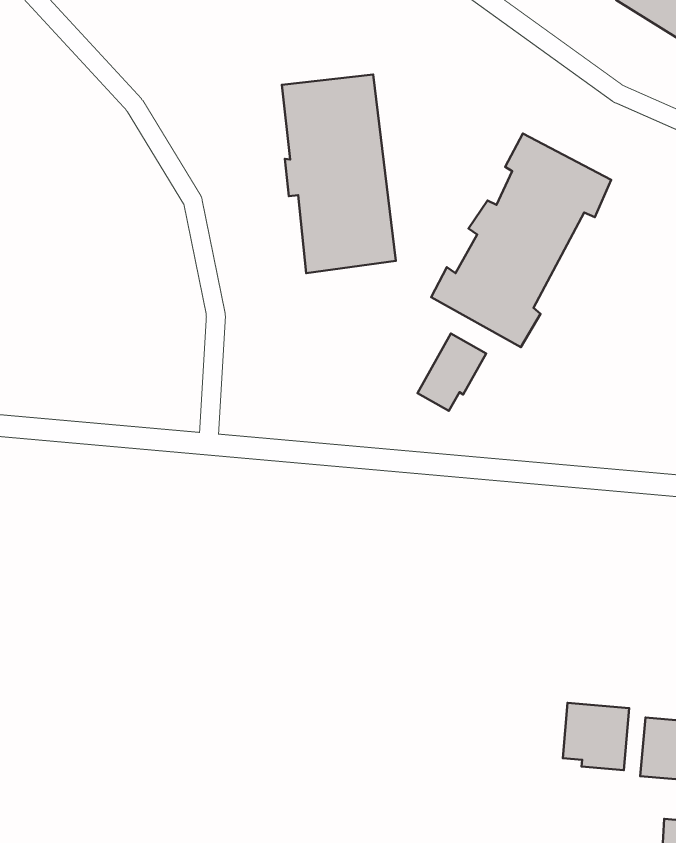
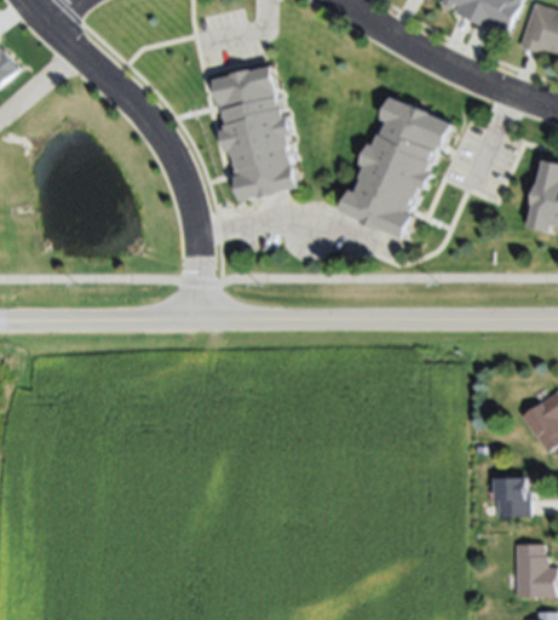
building: [417,334,486,411] -> none
building: [563,703,629,770] -> none

